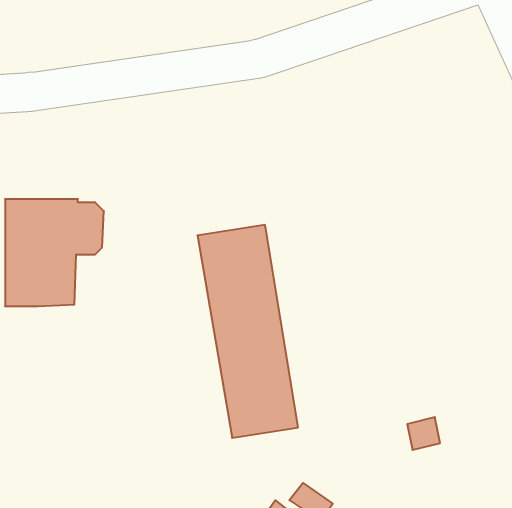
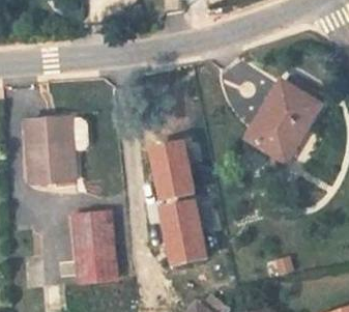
building: none -> [249,83,321,161]
building: none -> [74,217,114,283]

